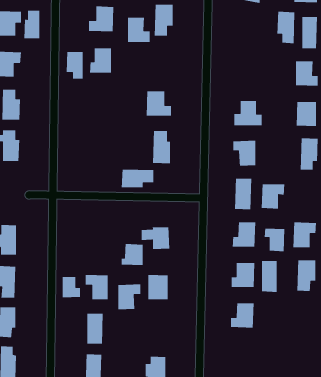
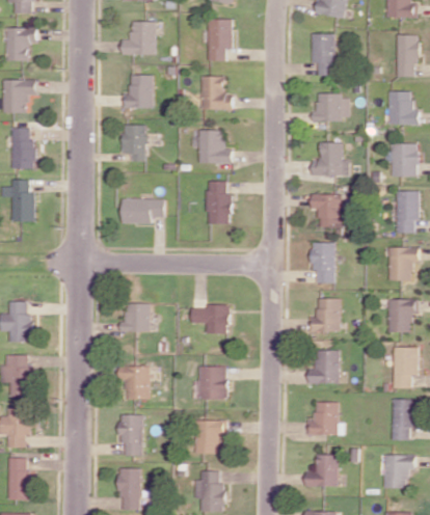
building: [24,10,40,39] -> none
building: [277,11,295,44] -> [311,33,334,76]
building: [127,17,151,43] -> [201,76,232,109]
building: [66,51,84,79] -> [123,125,145,161]
building: none -> [314,94,348,120]
building: [121,169,154,188] -> [122,198,164,223]
building: [261,184,285,209] -> [386,247,418,280]
building: [264,228,285,252] -> none
building: [121,243,144,266] -> [120,302,150,331]
building: [261,260,278,293] -> [391,399,411,440]
building: [62,276,81,298] -> none
building: [117,284,141,310] -> [197,419,227,454]
building: none -> [305,454,337,487]
building: none -> [384,455,414,488]

